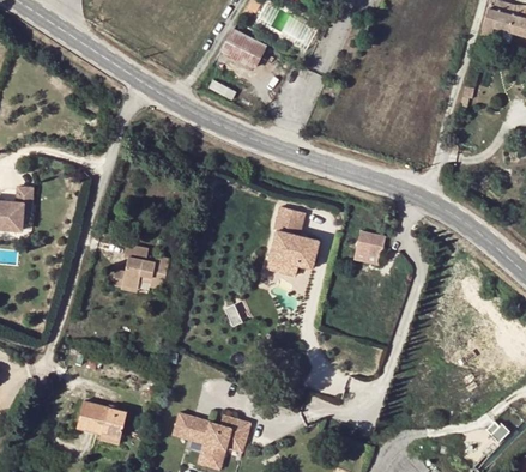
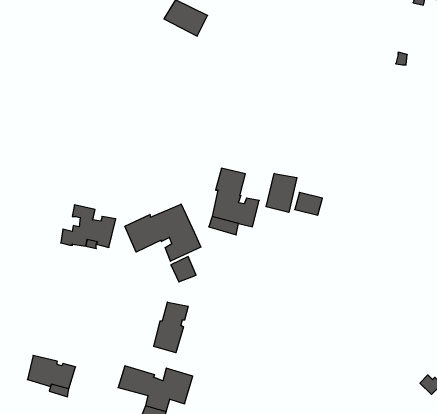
building: none -> [266,173,297,212]
building: none -> [125,204,201,261]
building: none -> [154,302,188,353]

